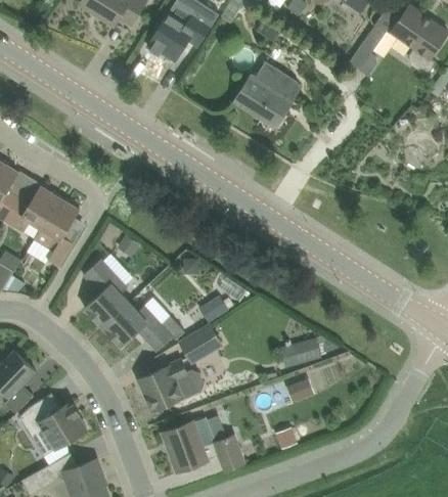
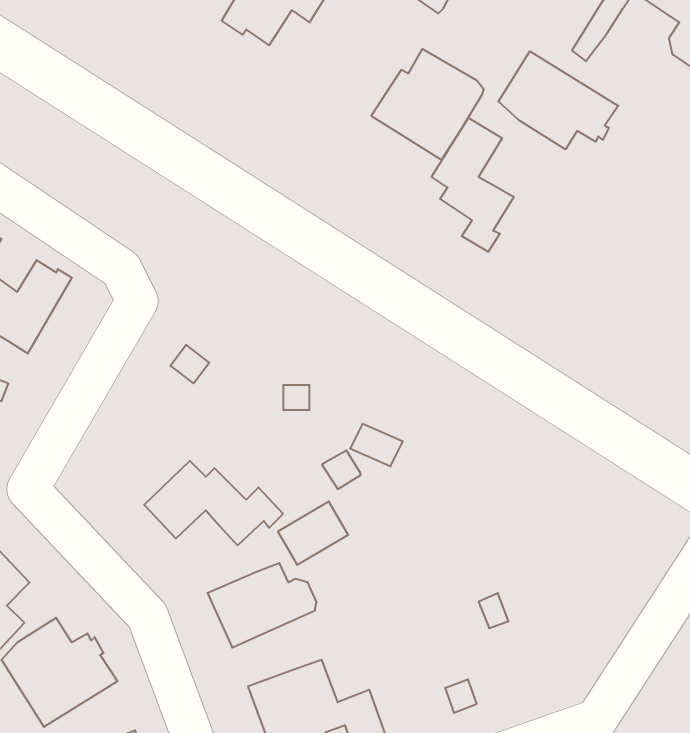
building: none -> [498,51,618,149]
building: none -> [432,118,514,252]
building: [35,195,80,267] -> none
building: [83,259,129,327] -> none
building: [293,337,321,364] -> none

